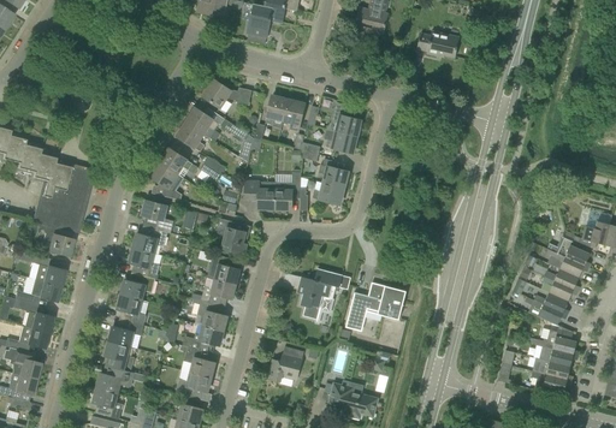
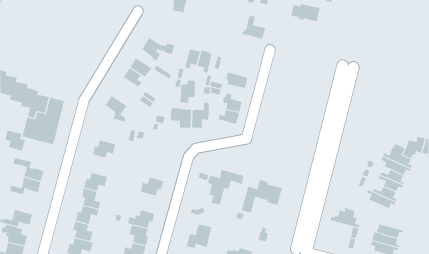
building: [326,102,361,137] -> [242,15,266,40]
building: none -> [180,80,196,104]
building: [160,148,199,178] -> none
building: [142,201,191,238] -> none
building: [215,218,248,254] -> none
building: [43,225,73,256] -> [5,130,26,151]
building: [130,248,159,279] -> none
building: [207,254,239,285] -> none
building: [12,299,53,333] -> none
building: [197,301,226,332] -> none
building: [537,326,580,356] -> [330,207,360,228]

